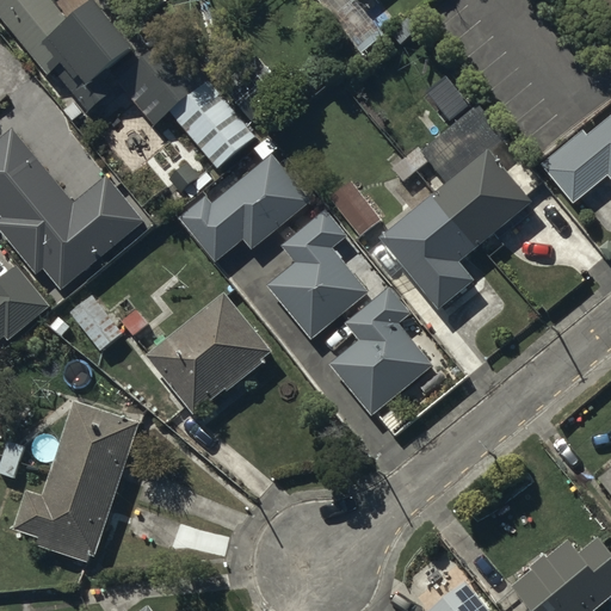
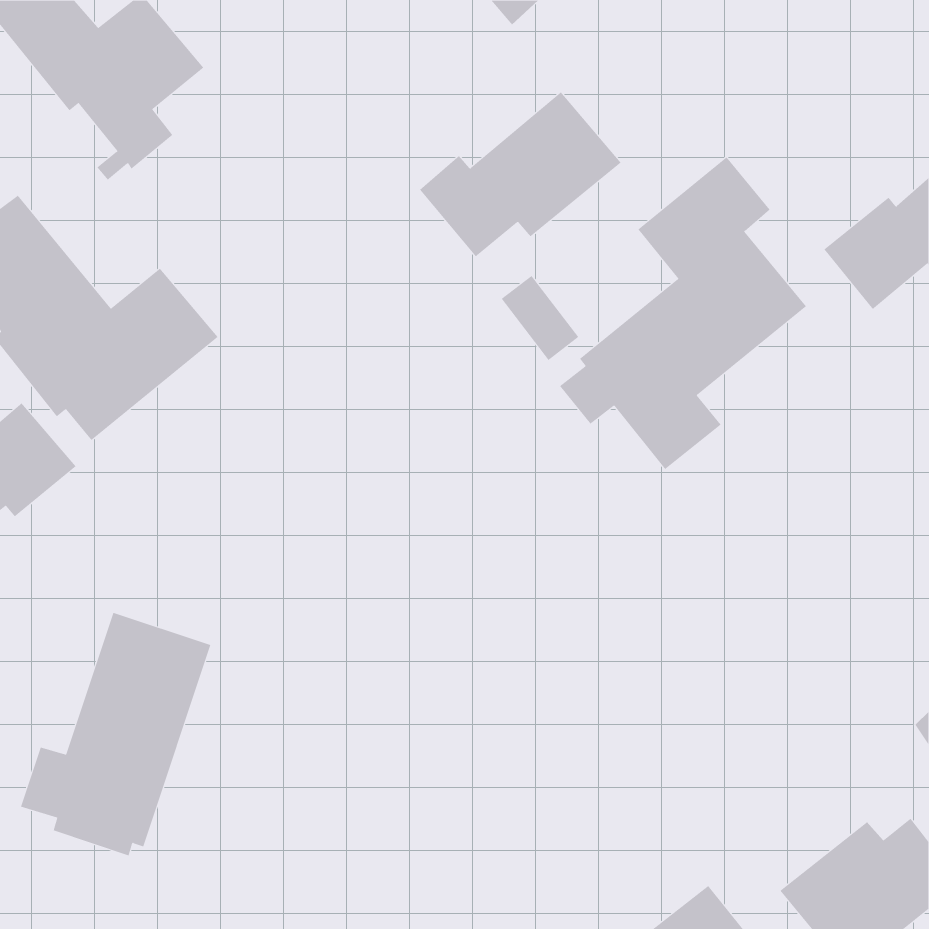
building: [116,55,258,168] -> none
building: [178,154,310,263] -> [419,91,621,257]
building: [266,210,366,338] -> none
building: [329,286,432,415] -> none
building: [144,292,271,414] -> none

